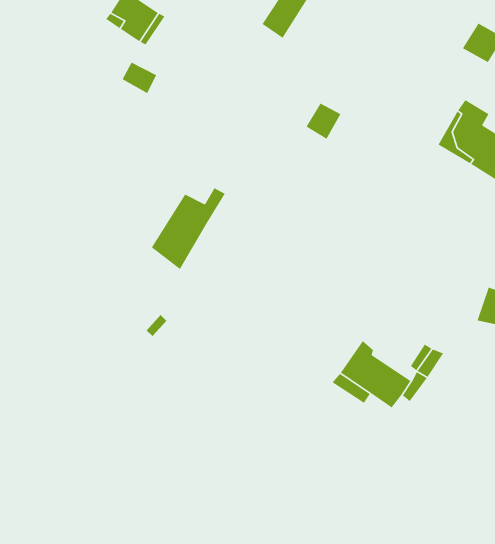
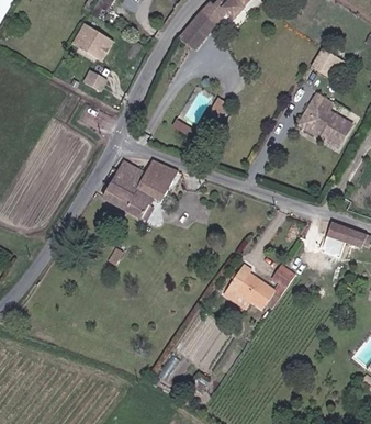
building: none -> [123,158,170,219]

